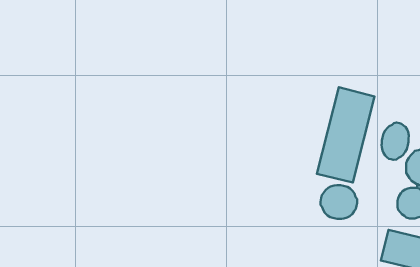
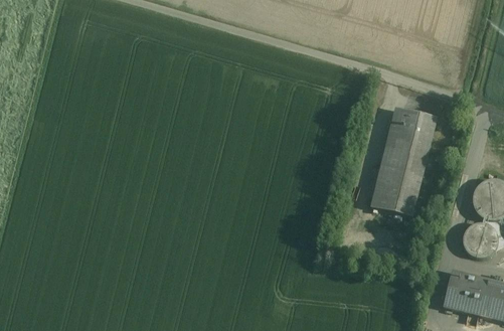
building: [382,123,409,160] -> none
building: [320,185,357,219] -> none

